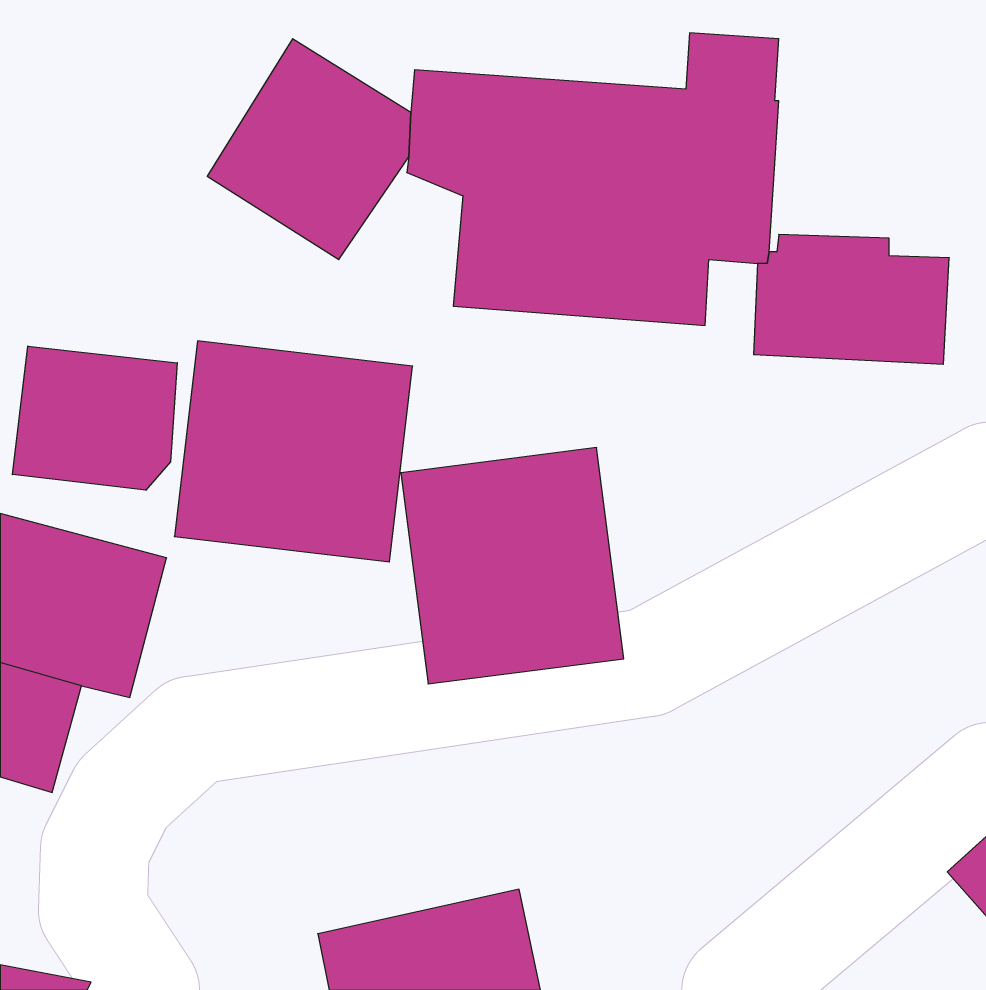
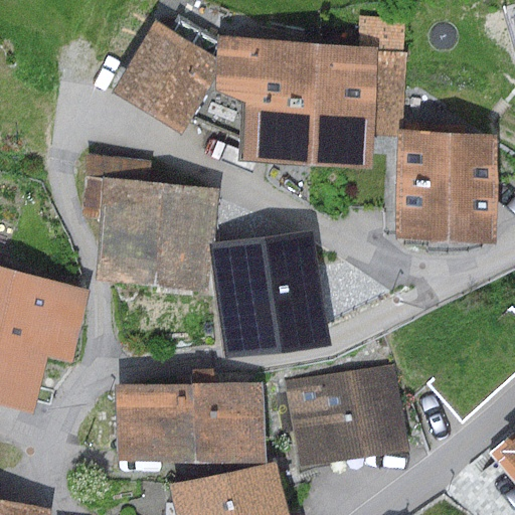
building: [12,346,177,490] -> none
building: none -> [391,184,492,240]
building: none -> [286,365,408,469]
building: none -> [114,384,264,463]

